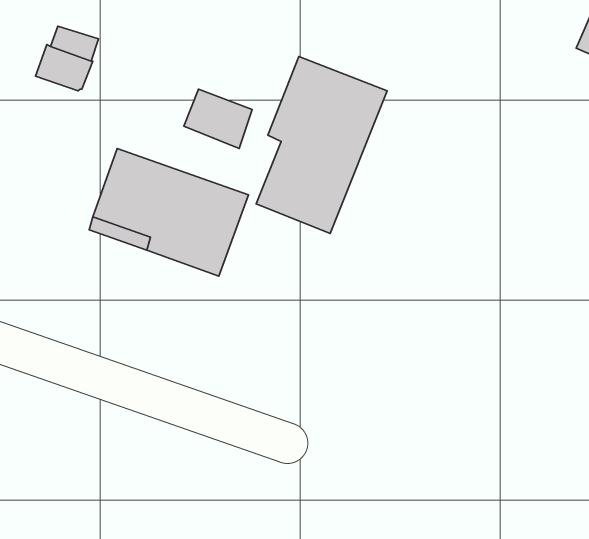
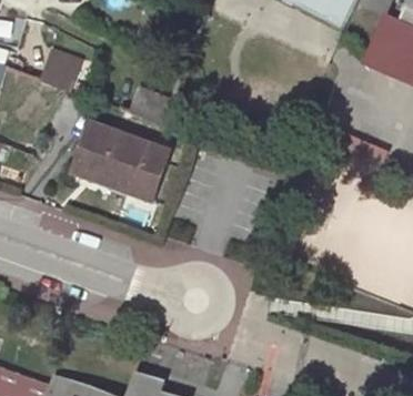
building: [256,56,387,234] -> none

